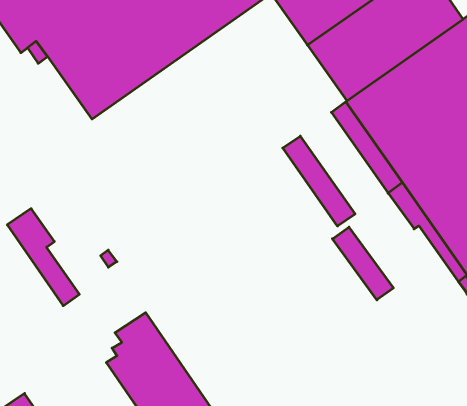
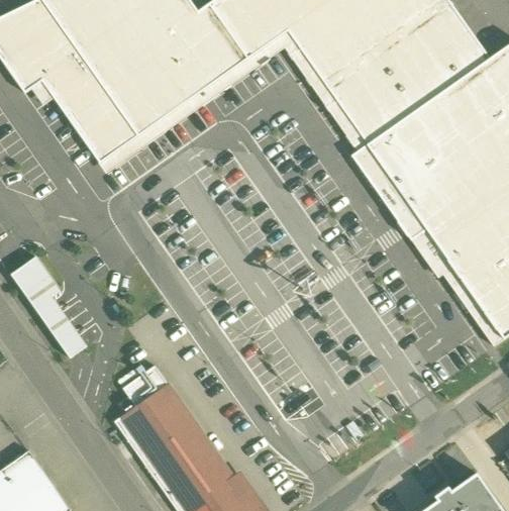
building: [283,136,355,226] -> none
building: [332,227,393,300] -> none

